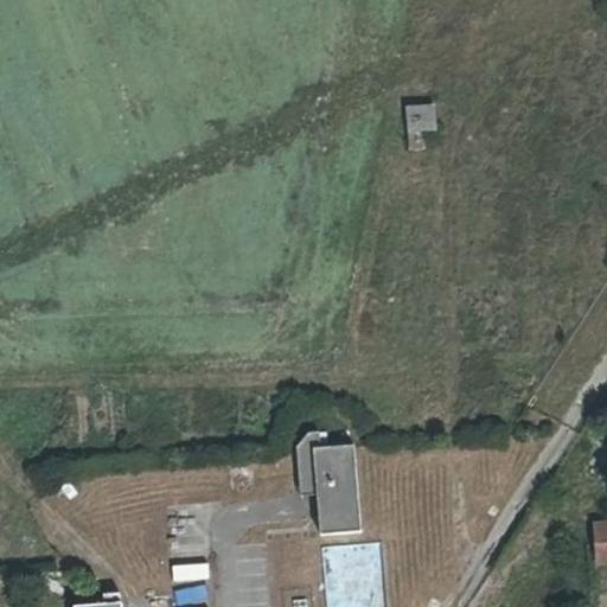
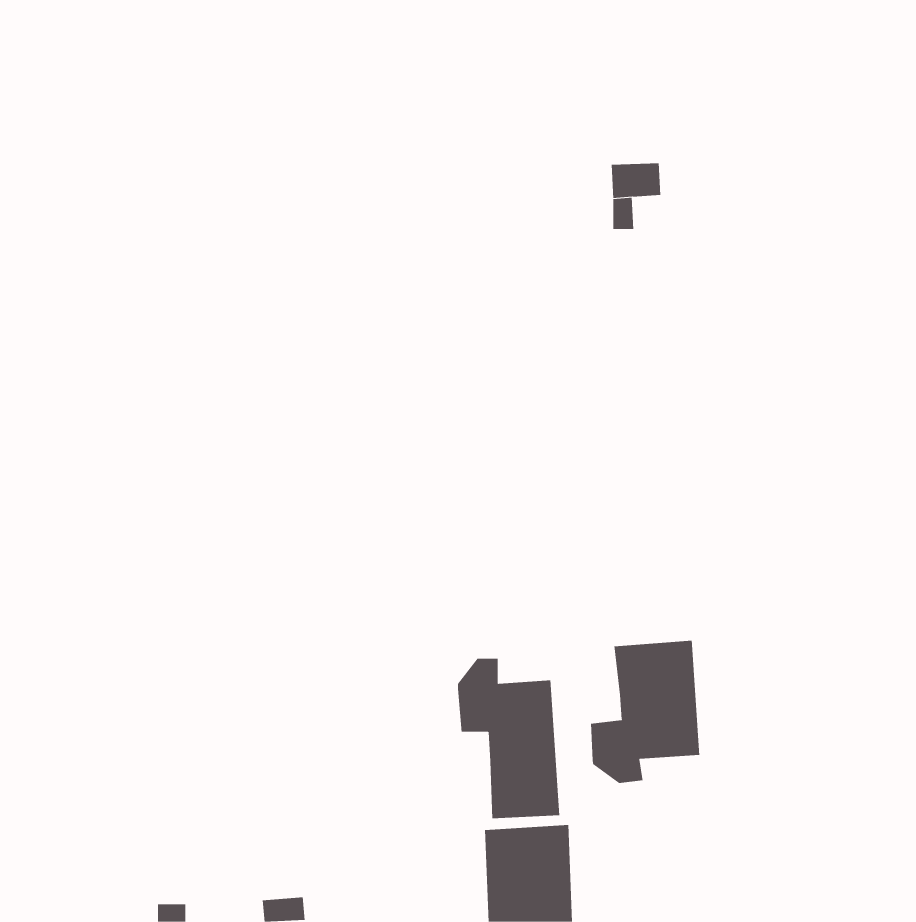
building: none -> [590,640,700,784]

